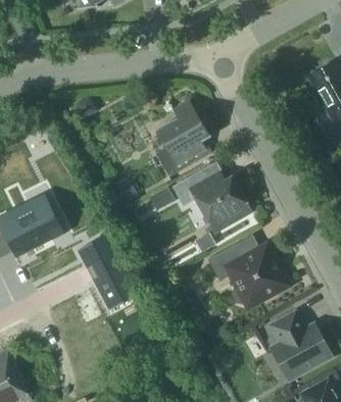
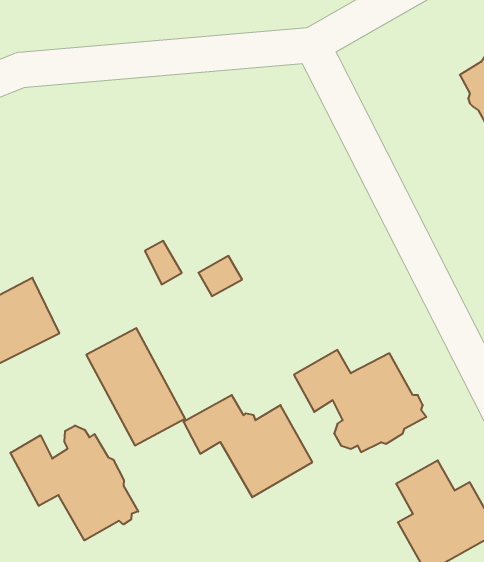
building: [155,101,210,175] -> none
building: [172,169,250,232] -> [183,395,312,497]
building: none -> [10,425,138,540]

